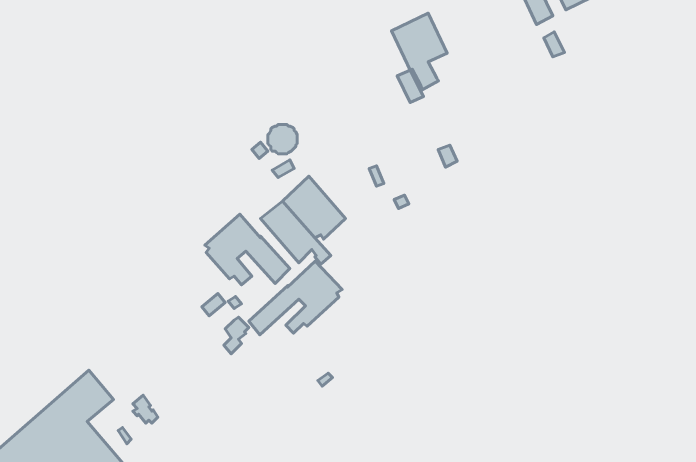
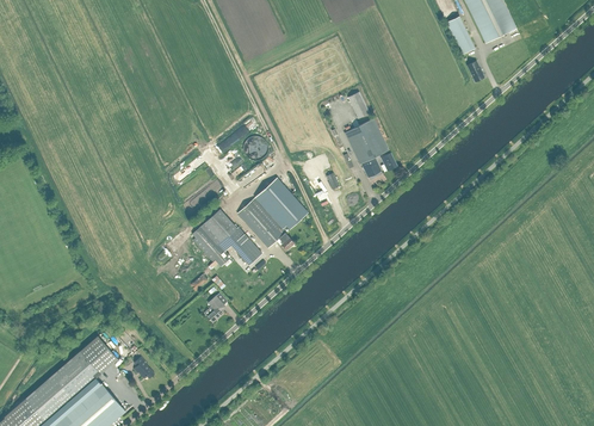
building: [391,13,447,90] -> [345,118,390,180]
building: [249,261,342,335] -> none

